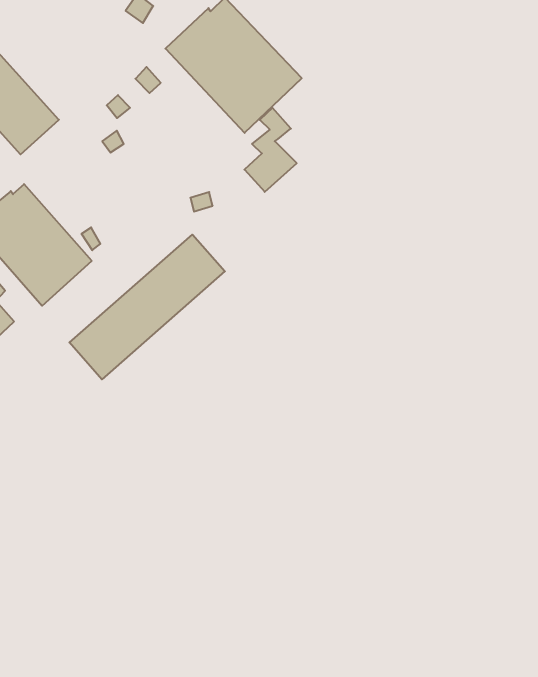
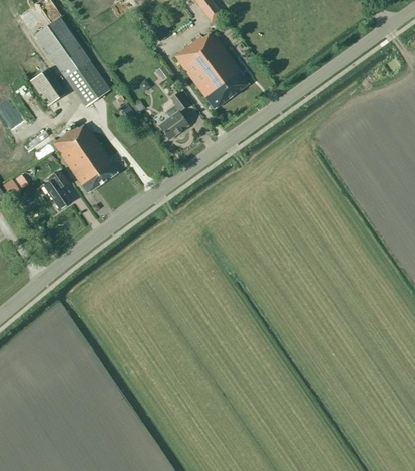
building: [244,108,297,192] -> [158,92,188,139]
building: [69,235,225,379] -> none

